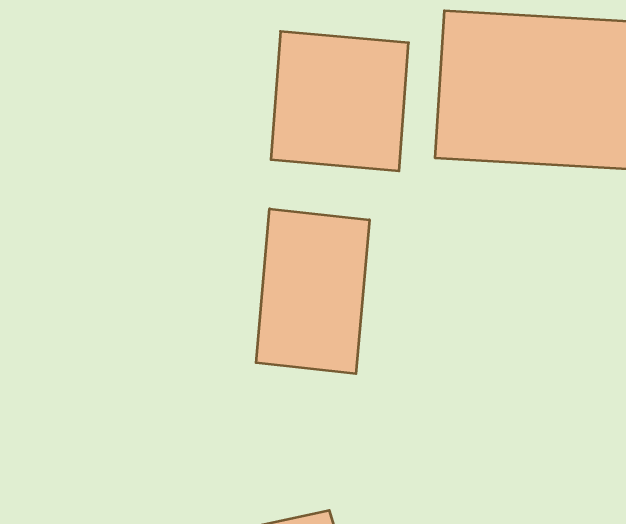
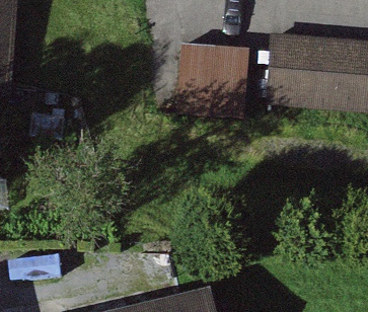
building: [256,209,369,374] -> none

